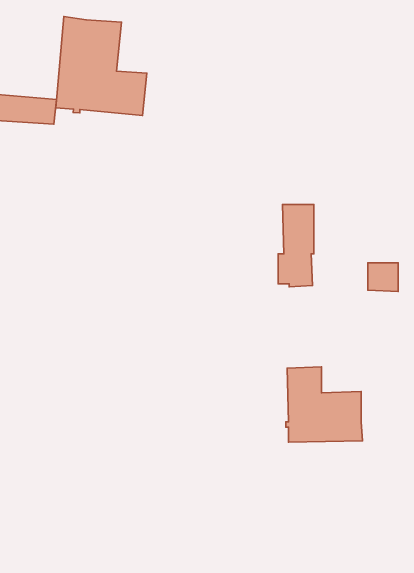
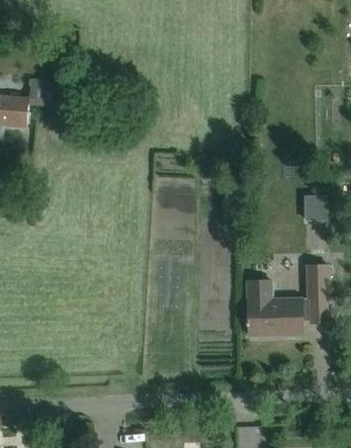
building: [56,17,147,115] -> none
building: [278,204,314,287] -> [300,262,327,323]

